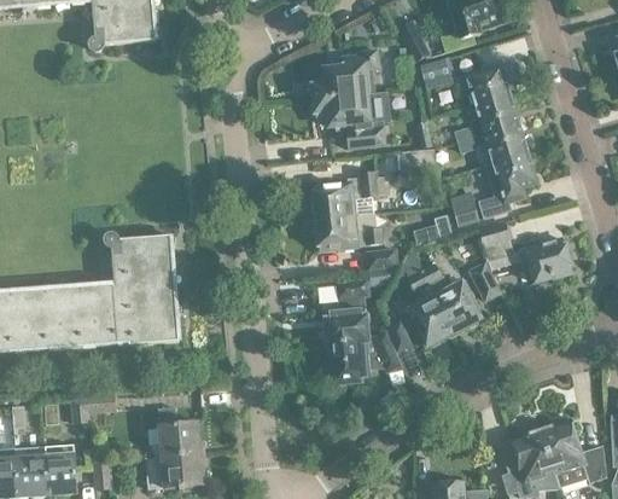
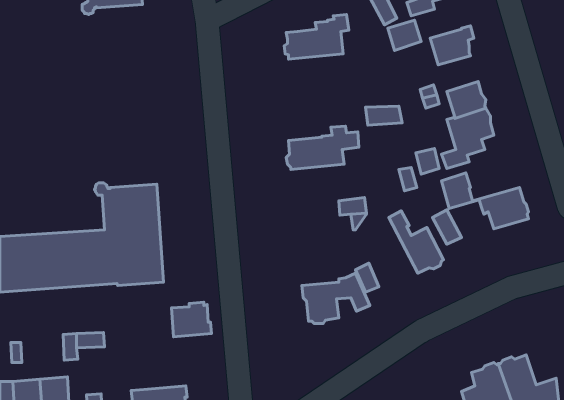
building: [310,93,384,149] -> none
building: [474,95,518,134] -> none
building: [313,213,381,250] -> none
building: [407,271,453,346] -> none
building: [322,280,368,344] -> none
building: [158,419,202,457] -> [171,302,212,337]

